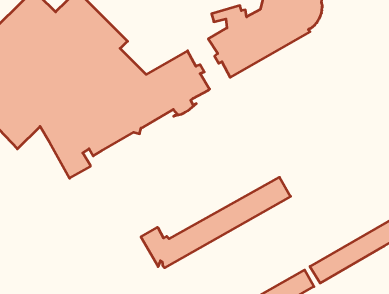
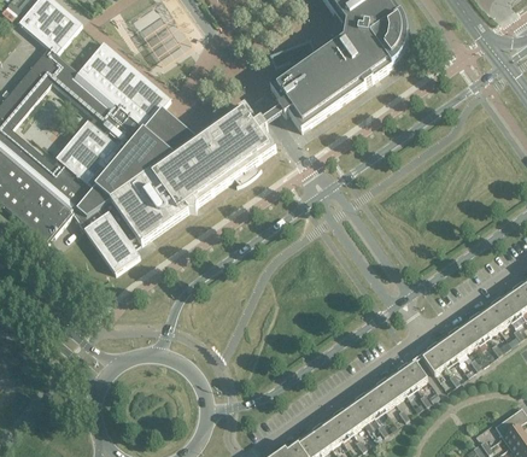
building: [141,177,291,268] -> none

